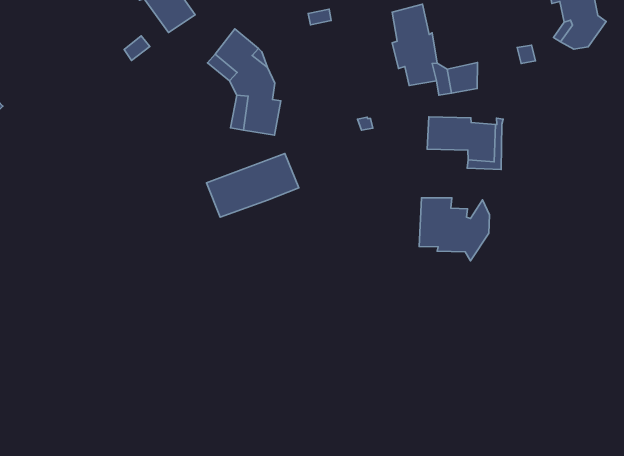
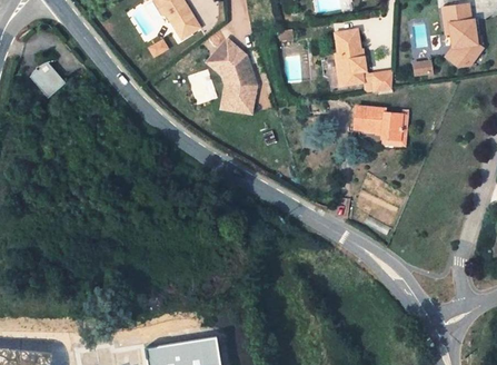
building: [206,154,299,217] -> none
building: [419,198,489,261] -> none

